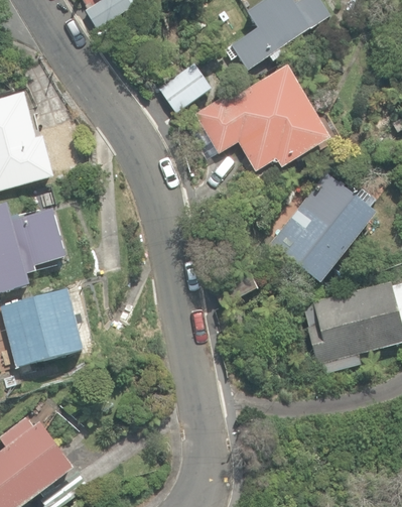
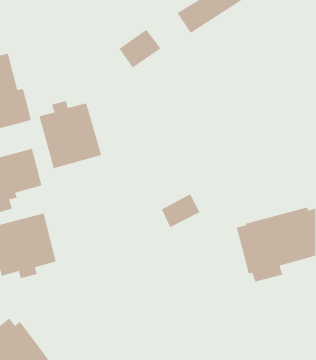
building: [194,66,329,170] -> none
building: none -> [38,100,102,169]
building: [270,170,375,283] -> none

